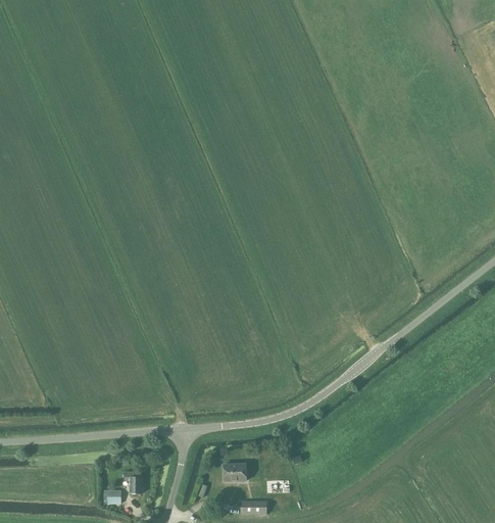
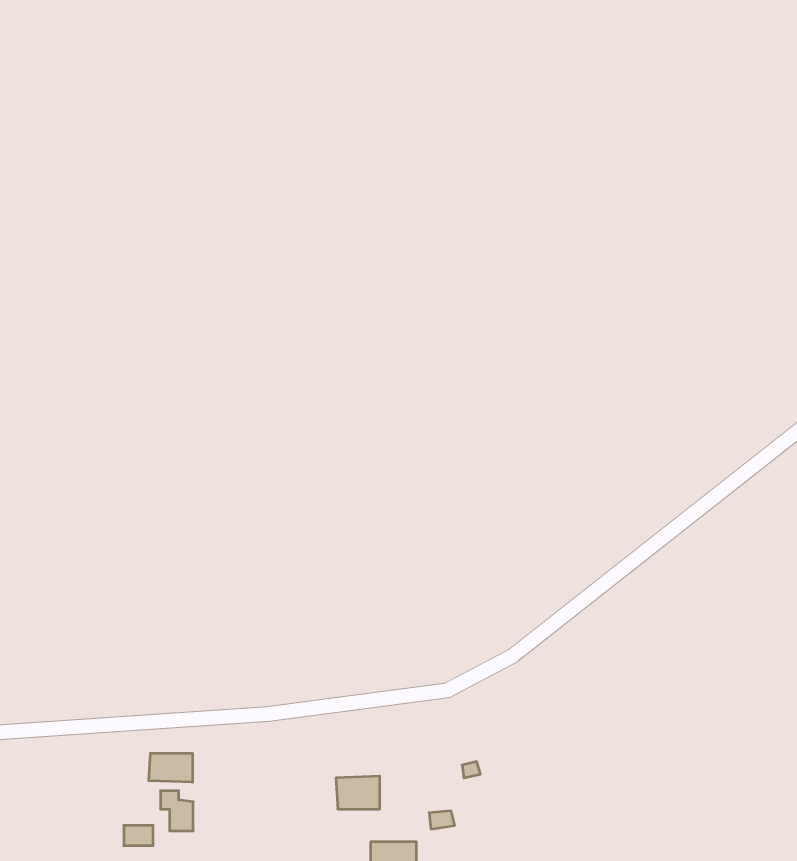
building: none -> [149,753,192,782]

